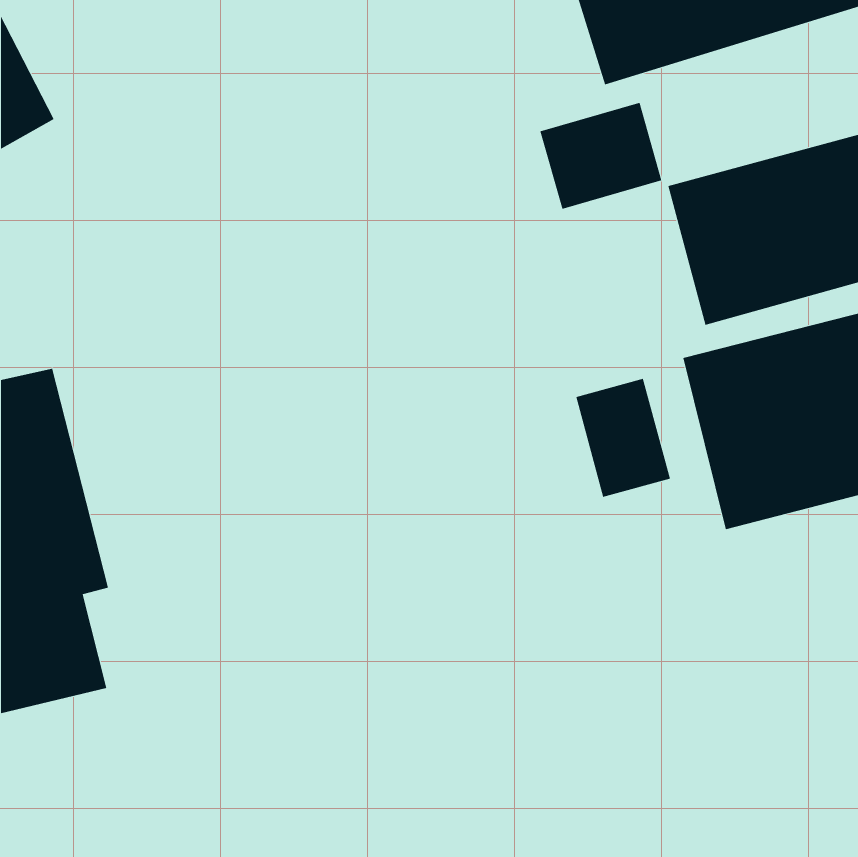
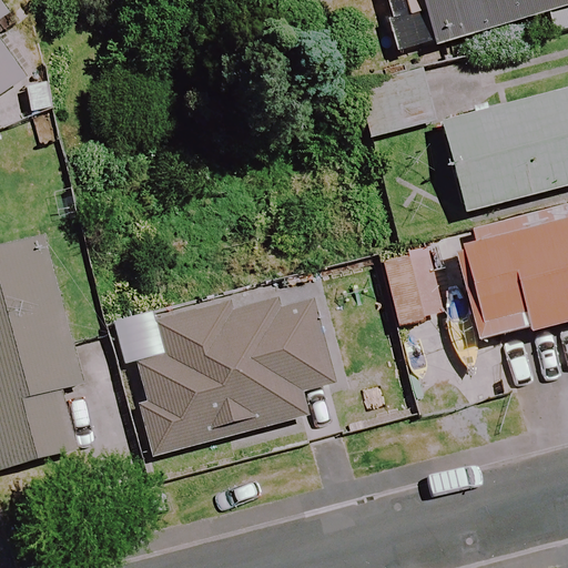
building: none -> [118,298,333,454]

